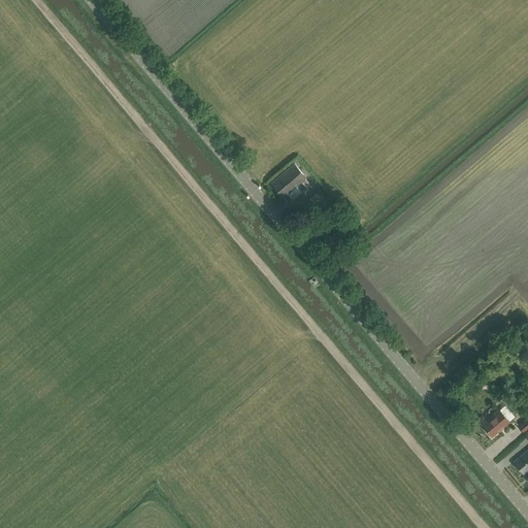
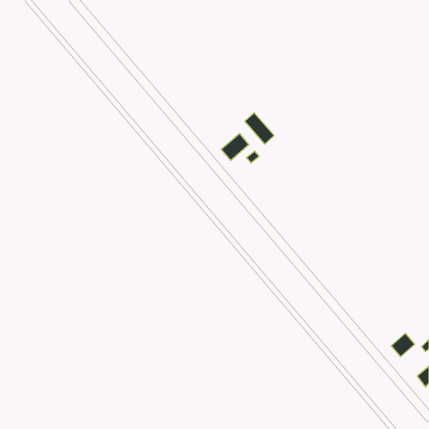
building: none -> [245,113,274,144]

